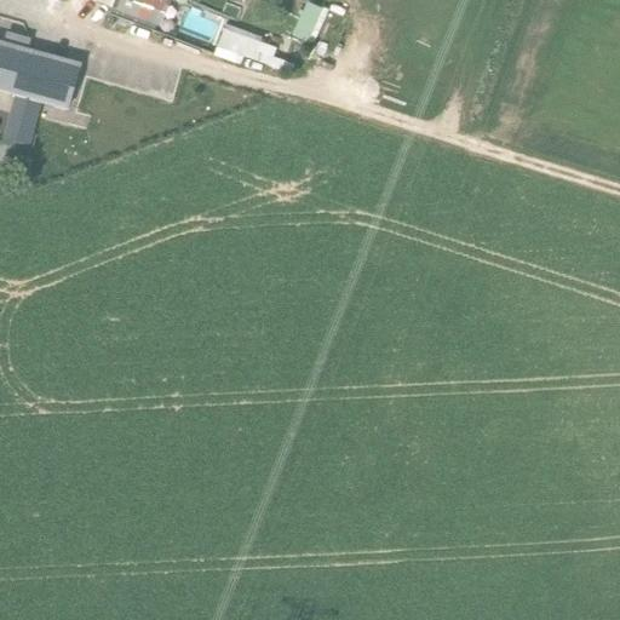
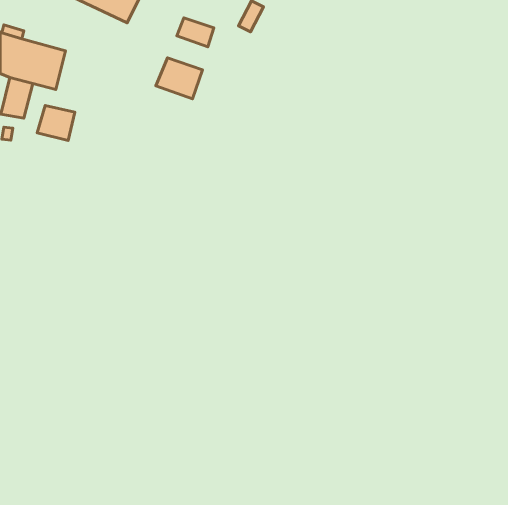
building: none -> [156,58,203,99]
building: none -> [37,106,75,140]

